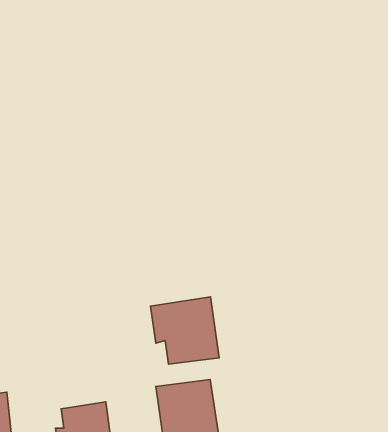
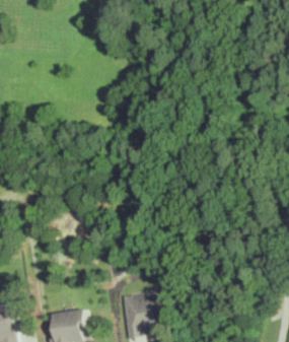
building: [151,297,219,364] -> none

